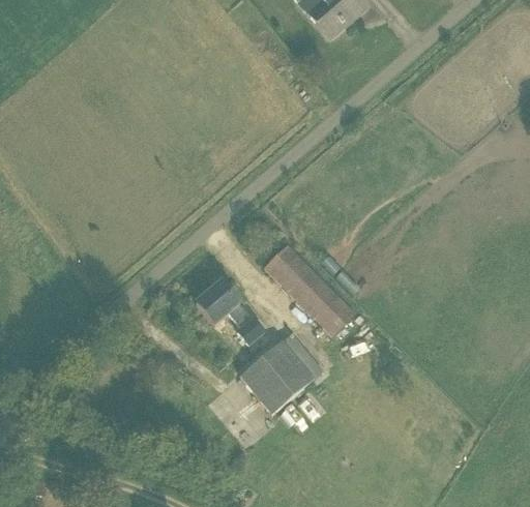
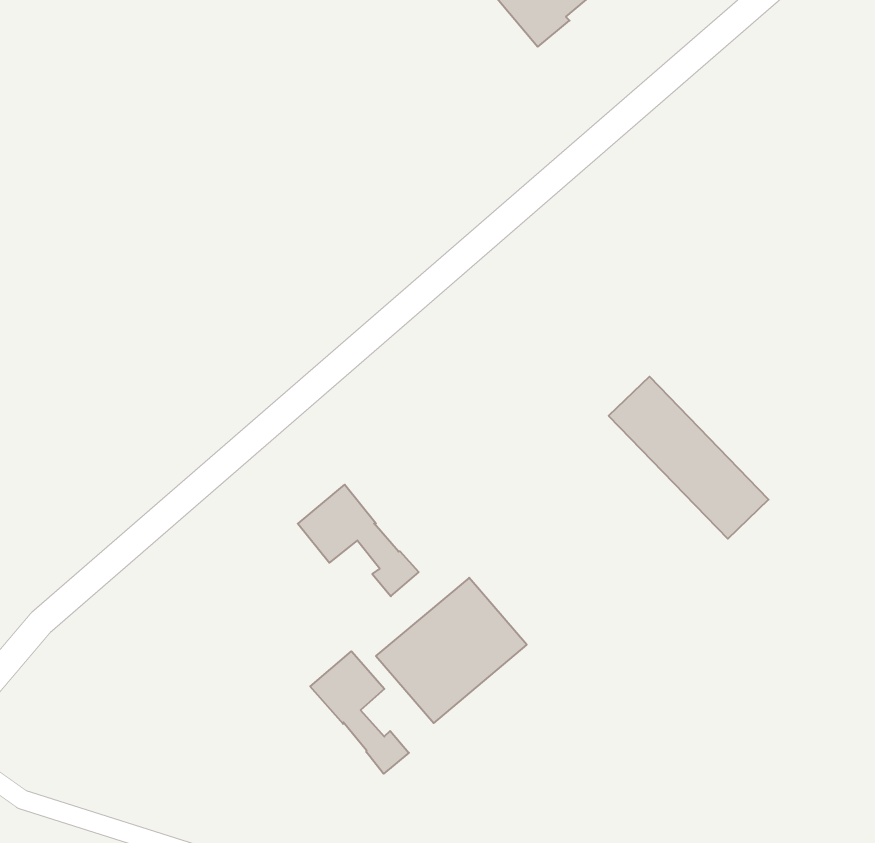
building: [264,244,353,334] -> [609,377,769,539]
building: none -> [310,651,409,774]

